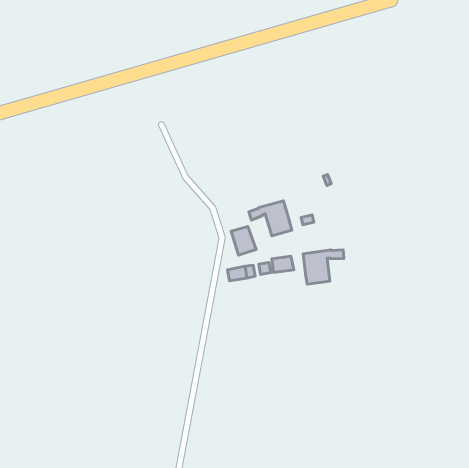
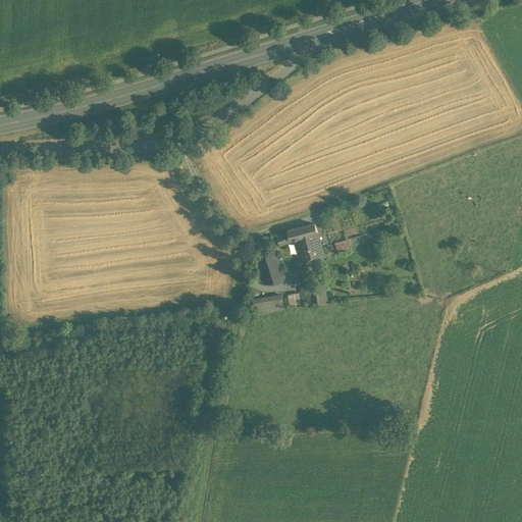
building: [303,250,344,284] -> none

